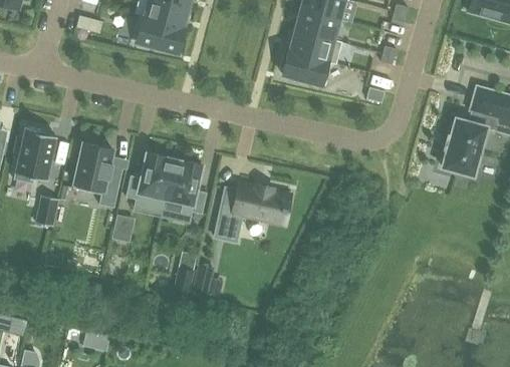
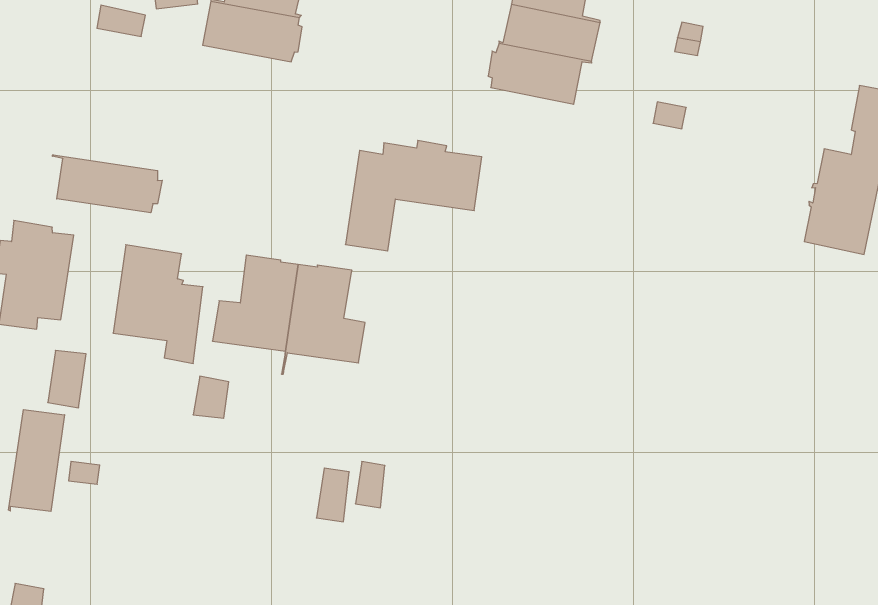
building: none -> [52,155,162,213]
building: [215,185,290,242] -> [345,140,482,251]
building: none -> [8,410,65,511]

